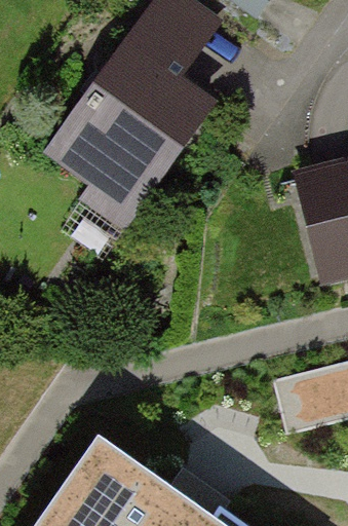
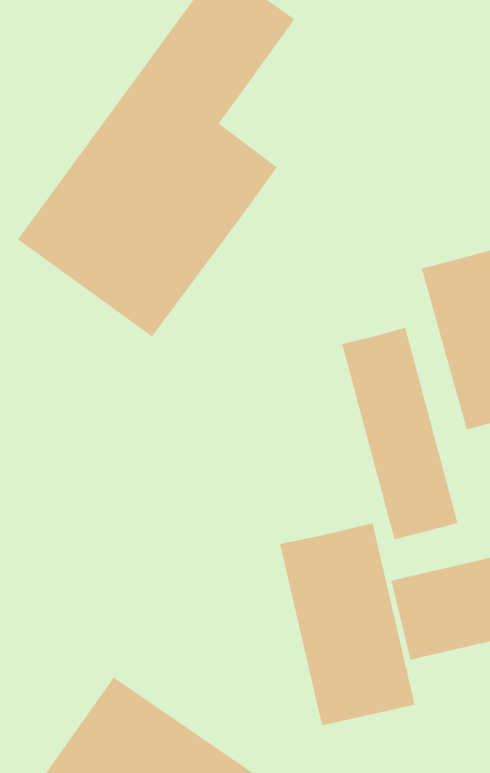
building: none -> [341,327,459,540]
building: none -> [279,522,415,726]

